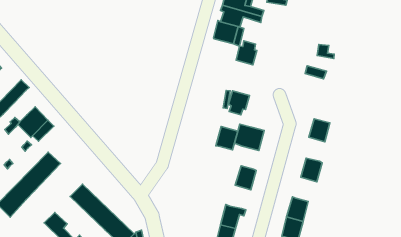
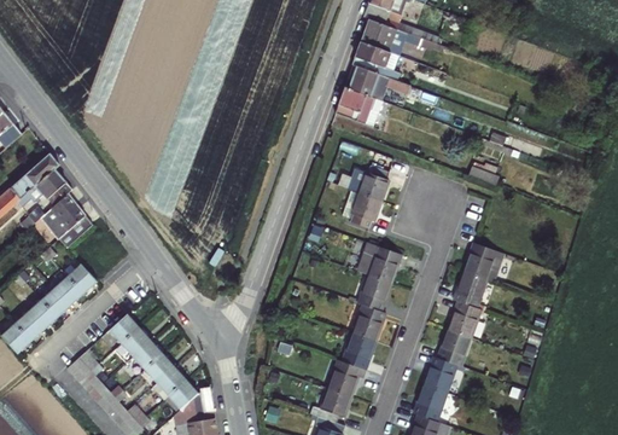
building: [236,41,257,65] -> [357,166,389,202]
building: none -> [35,172,70,208]
building: [216,127,238,150] -> [356,275,390,311]
building: none -> [455,269,488,306]
building: none -> [439,327,472,365]
building: none -> [342,332,374,370]

